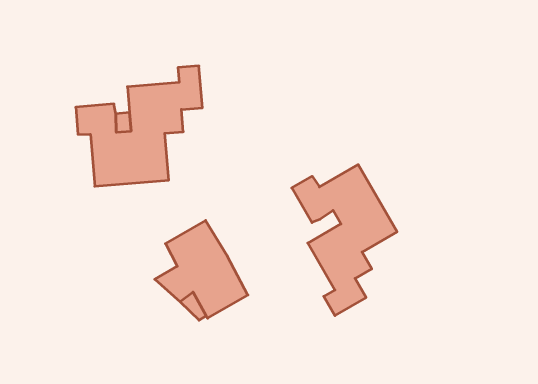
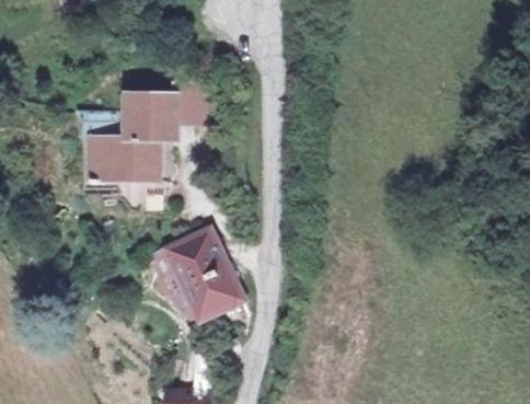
building: [292,165,397,316] -> none

